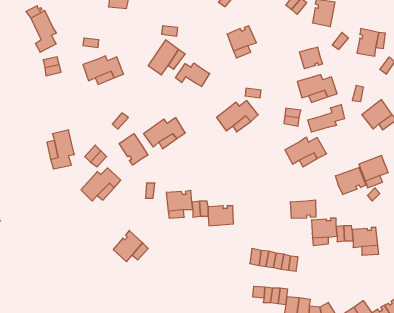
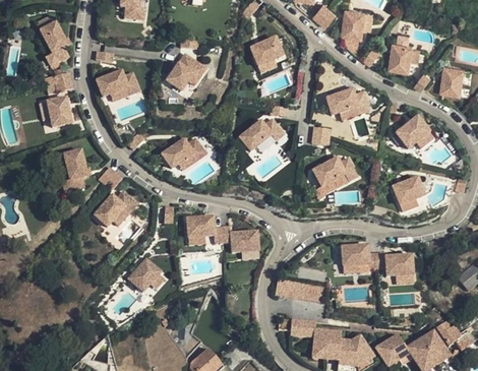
building: [300,47,323,69] -> none
building: [175,63,210,87] -> none
building: none -> [46,97,70,126]
building: [308,104,344,132] -> none
building: [119,134,148,165] -> none
building: [335,167,366,195] -> none
building: [290,200,316,218] -> none

